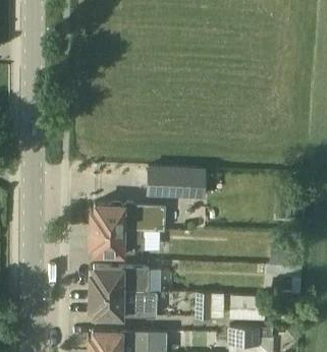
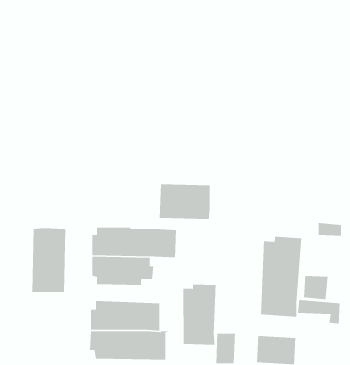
building: none -> [32,227,66,293]
building: none -> [260,236,302,318]
building: none -> [183,284,217,346]

